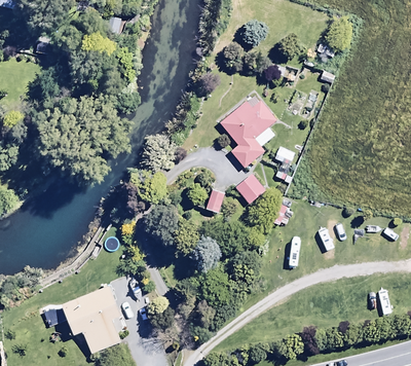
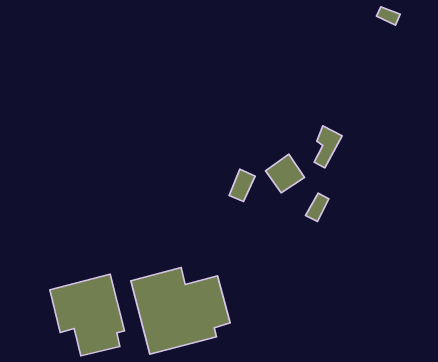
building: [219,91,277,167] -> none
building: none -> [131,268,230,354]

